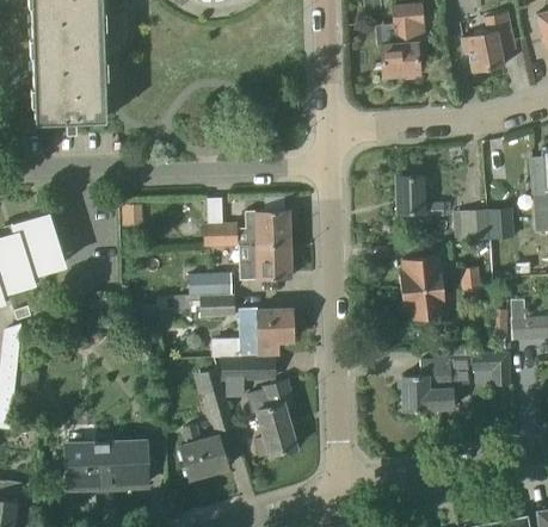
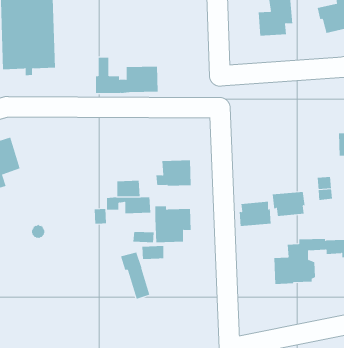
building: [396,175,445,217] -> none
building: [204,198,290,247] -> [95,57,159,93]
building: [454,209,491,241] -> none
building: [399,256,443,291] -> [239,201,271,227]
building: [248,379,297,458] -> none
building: [179,423,227,479] -> none
building: [66,442,147,489] -> none

